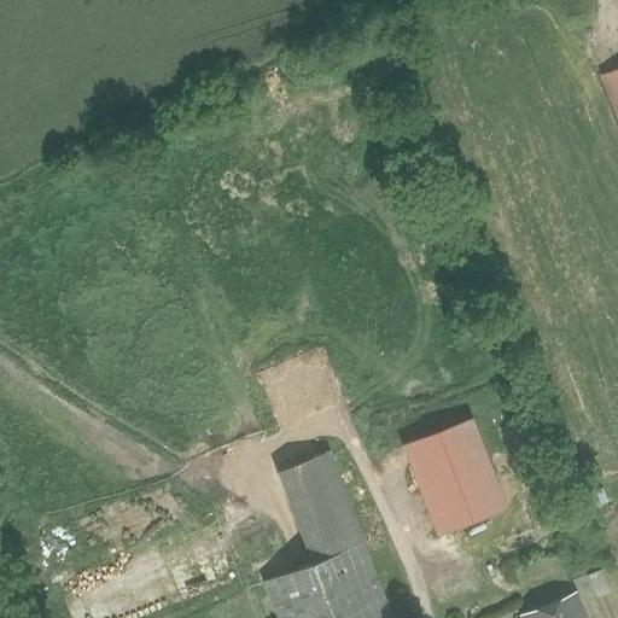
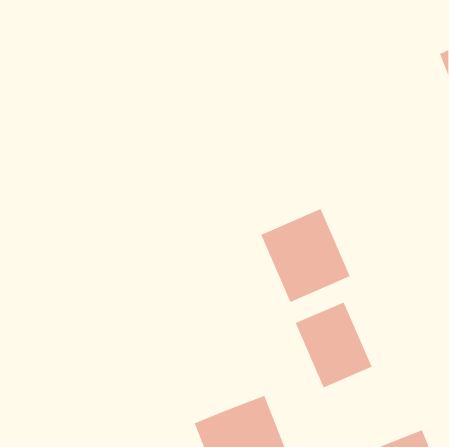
building: none -> [260,208,350,303]
building: [278,456,363,565] -> none

